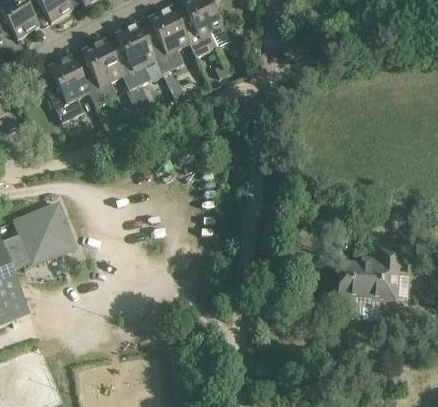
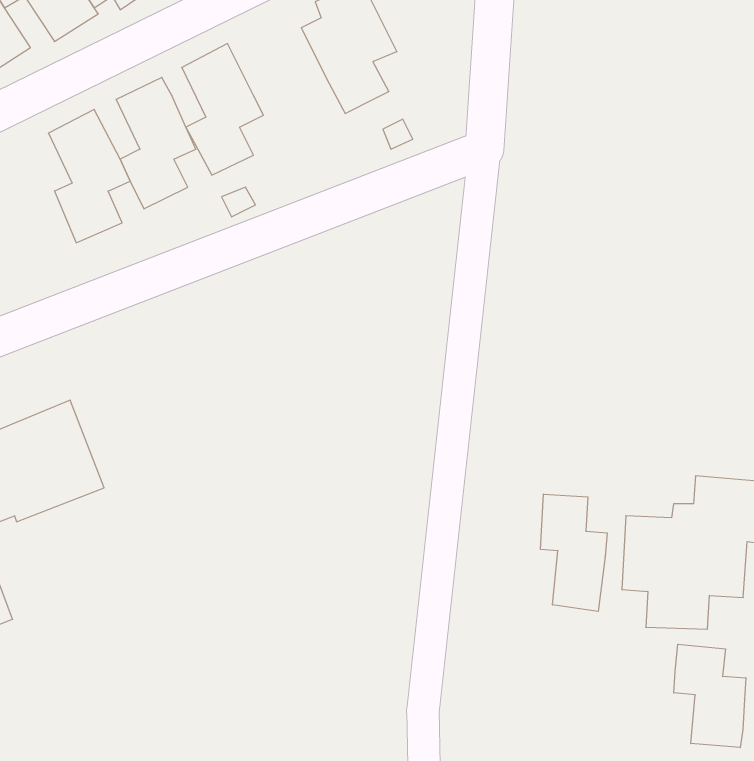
building: [148,7,189,73] -> none
building: none -> [541,494,607,611]
building: none -> [674,644,746,748]

